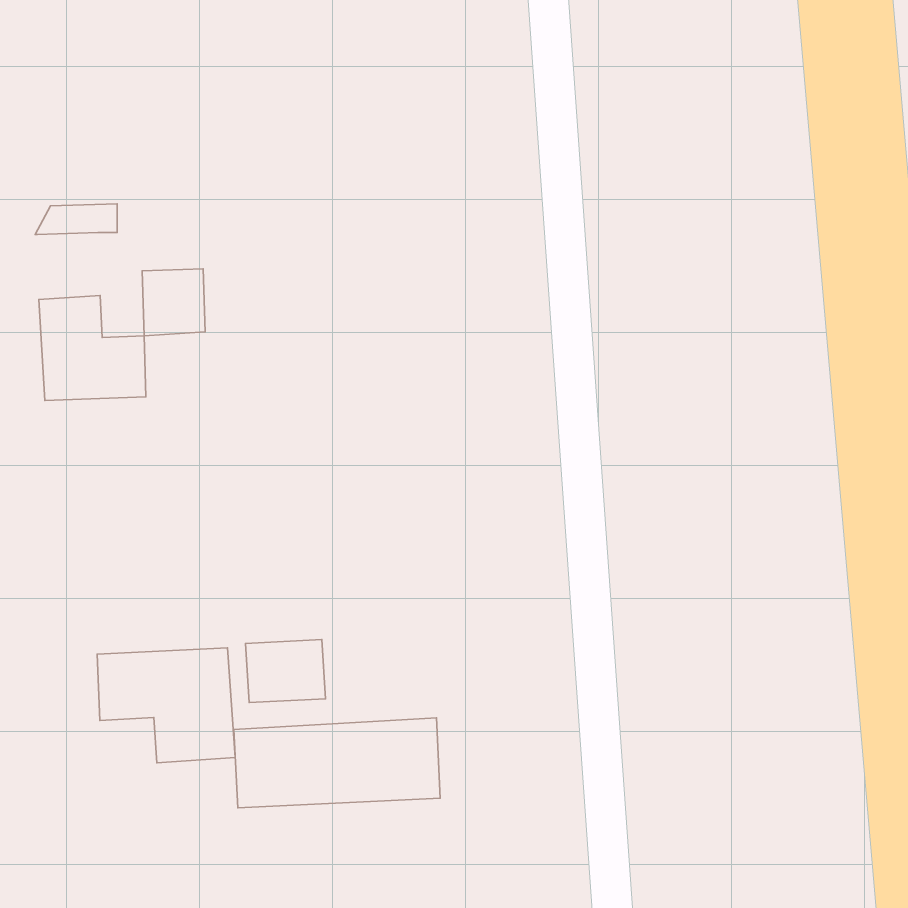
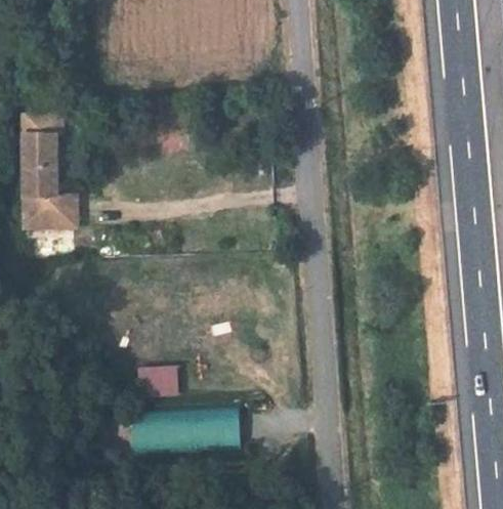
building: [142,269,205,336] -> [22,141,55,177]
building: [97,648,235,763] -> none

